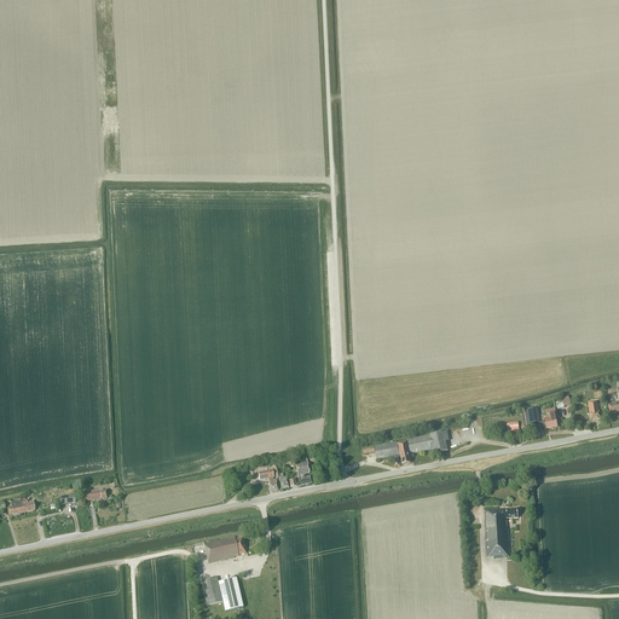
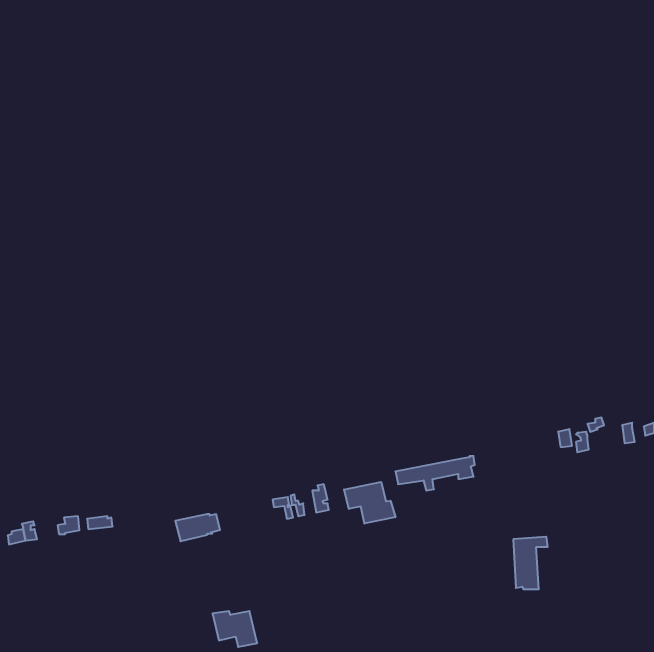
building: none -> [344,482,395,524]
building: [203,537,245,562] -> [175,514,220,541]

